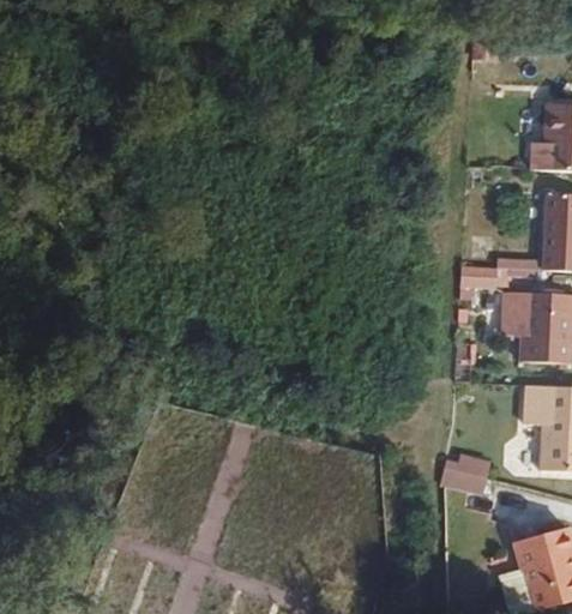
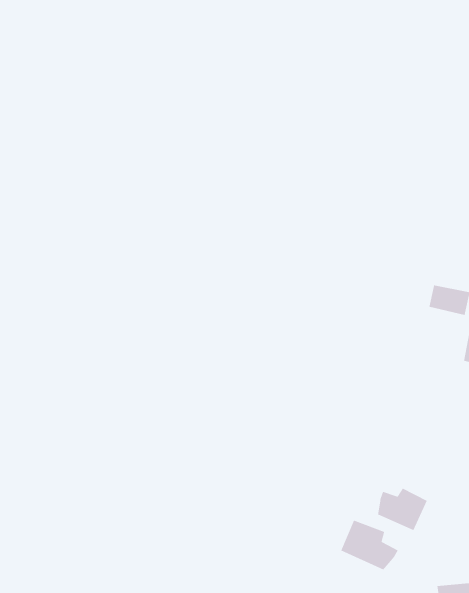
building: none -> [340,519,399,570]

